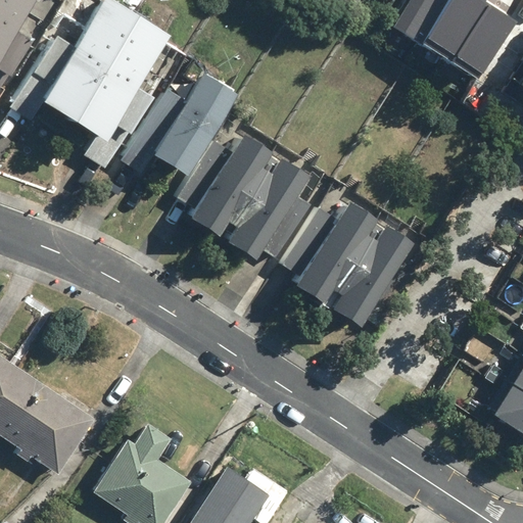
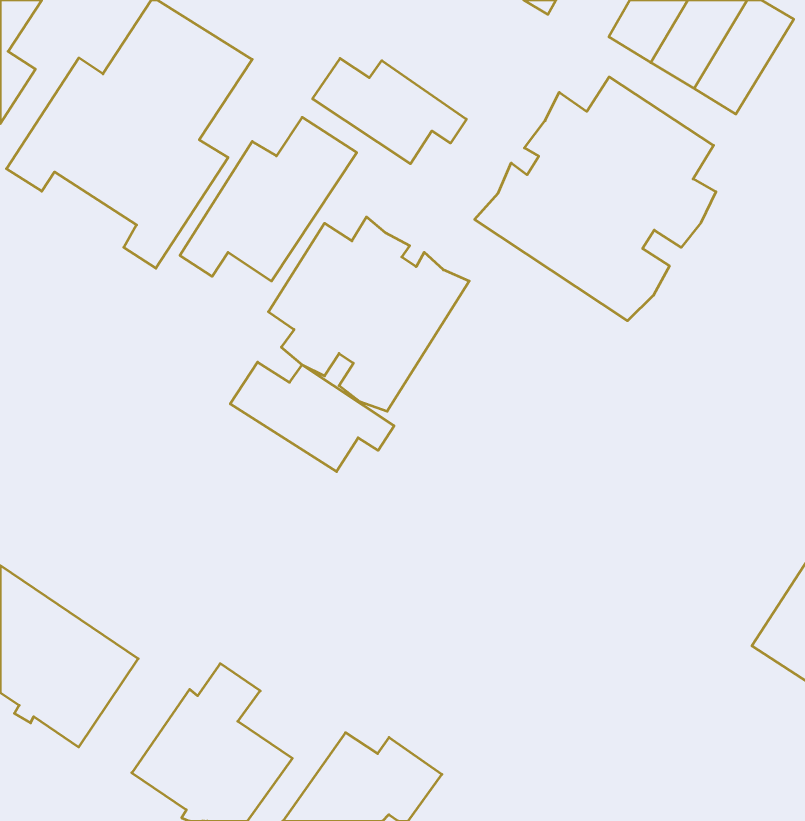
building: none -> [313,58,466,164]
building: none -> [475,77,716,321]
building: [285,205,412,327] -> none
building: none -> [230,362,394,472]

